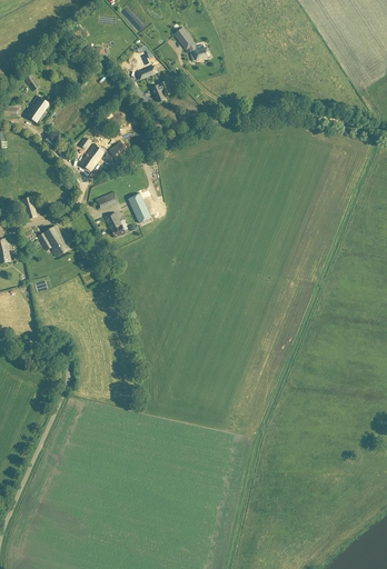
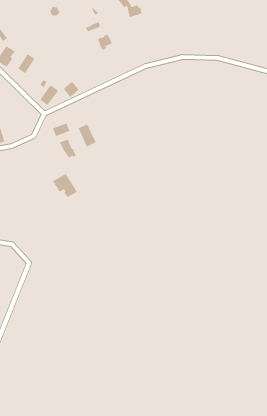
building: [38,224,70,256] -> [52,173,78,198]

